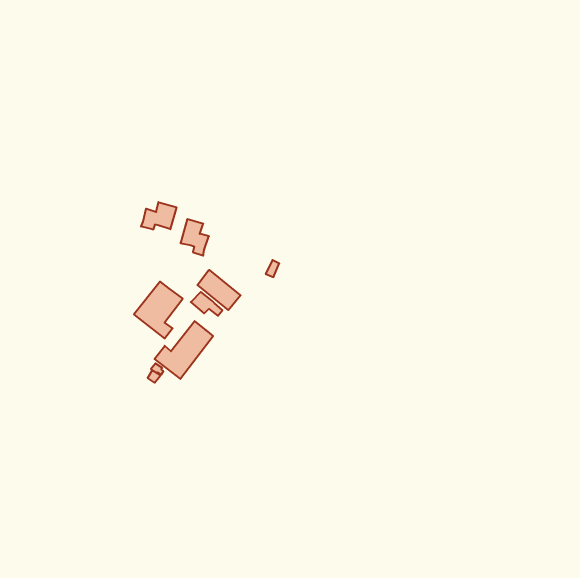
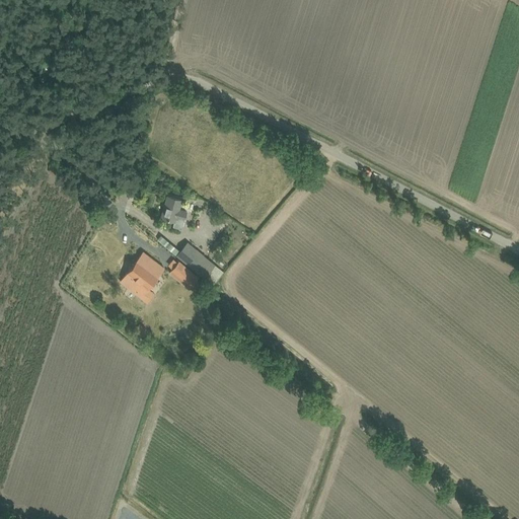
building: [141,202,176,230] -> none
building: [155,321,213,379] -> none

